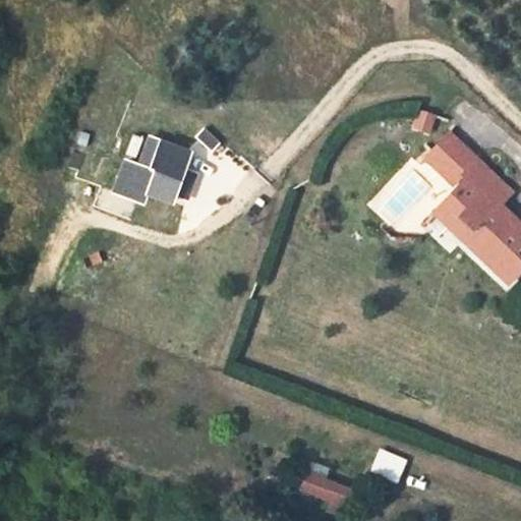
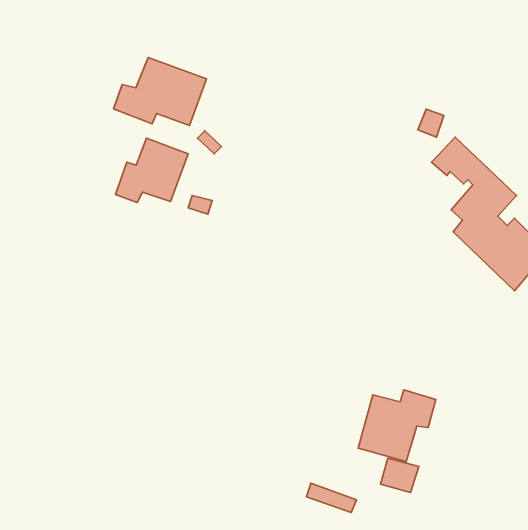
building: none -> [113,57,206,125]
building: none -> [358,390,436,461]

